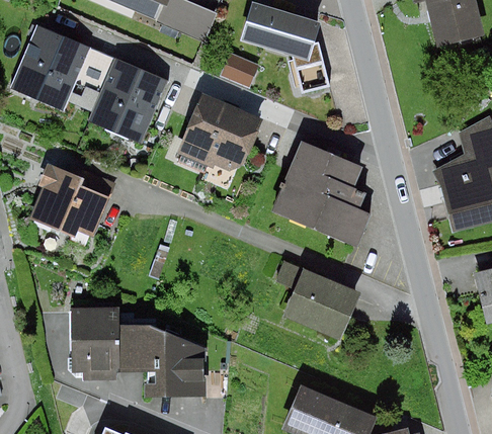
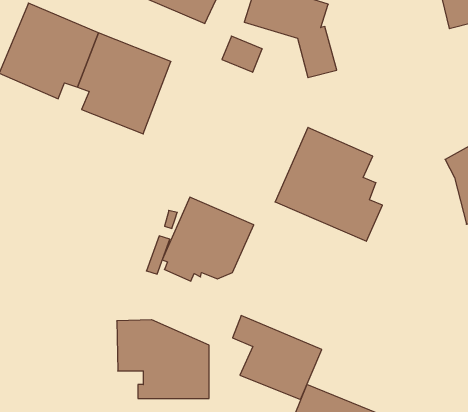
building: [176,93,263,173] -> [162,197,254,281]
building: [29,163,116,246] -> none
building: [275,260,360,340] -> [233,316,322,400]
building: [68,308,120,380] -> none

